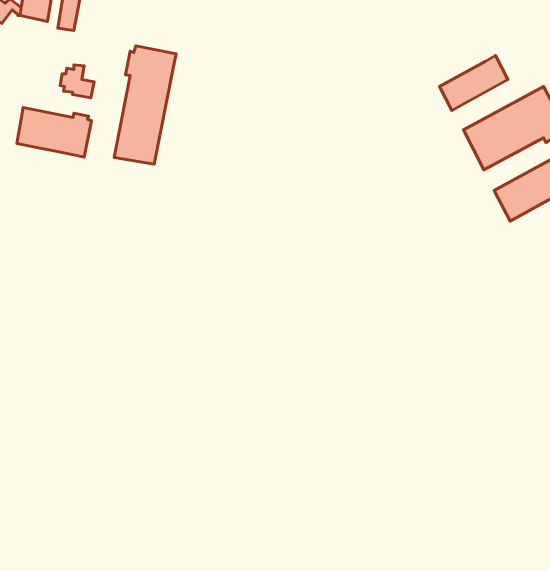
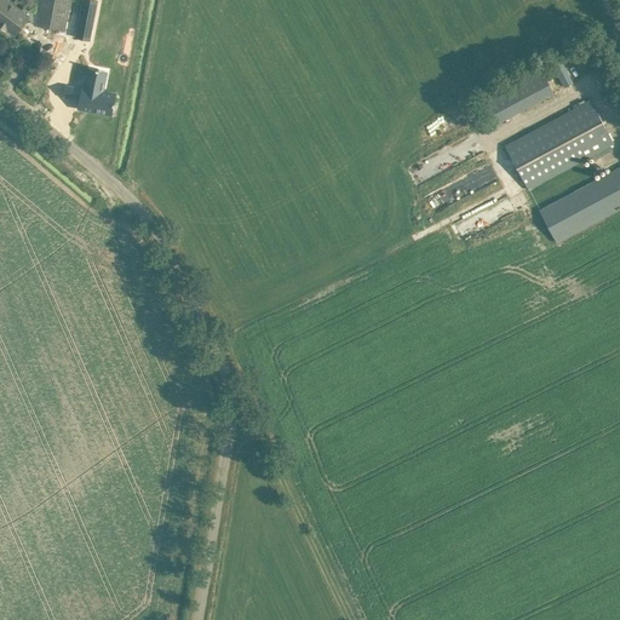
building: [114,46,176,164] -> none
building: [17,108,92,157] -> none

